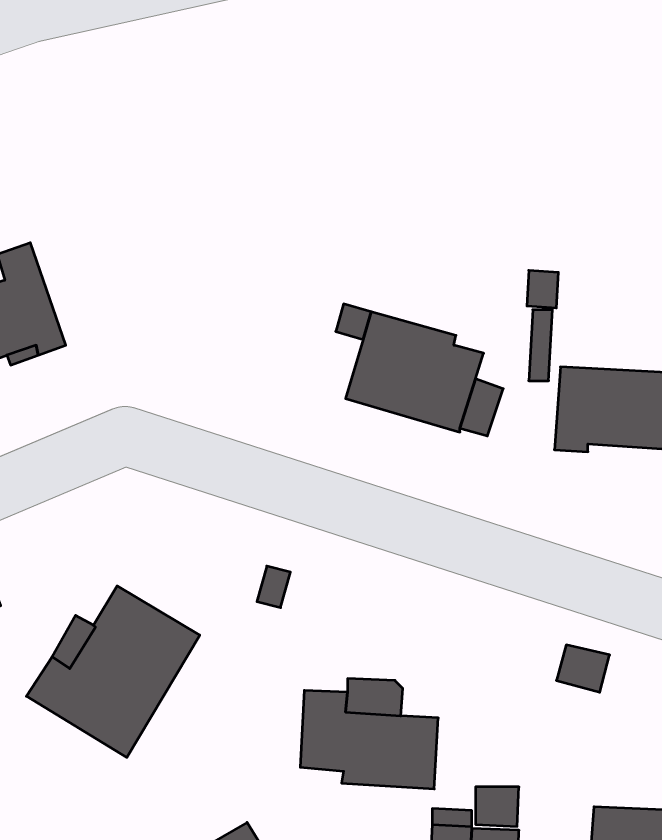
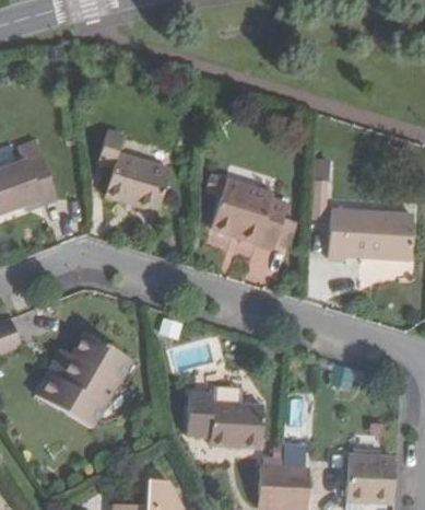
building: none -> [97,131,170,211]

